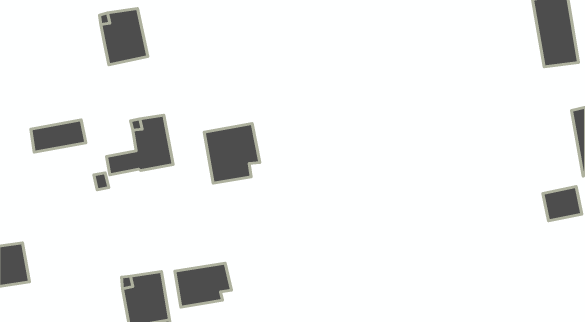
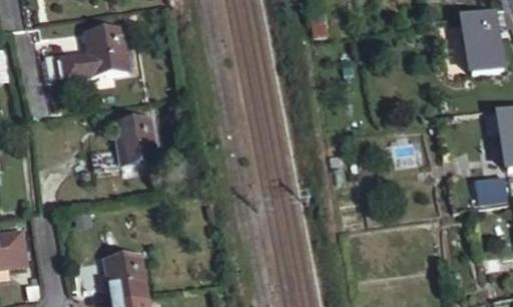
building: [31,120,86,152] -> [47,50,95,78]
building: [204,124,260,183] -> none
building: [175,263,231,307] -> none

